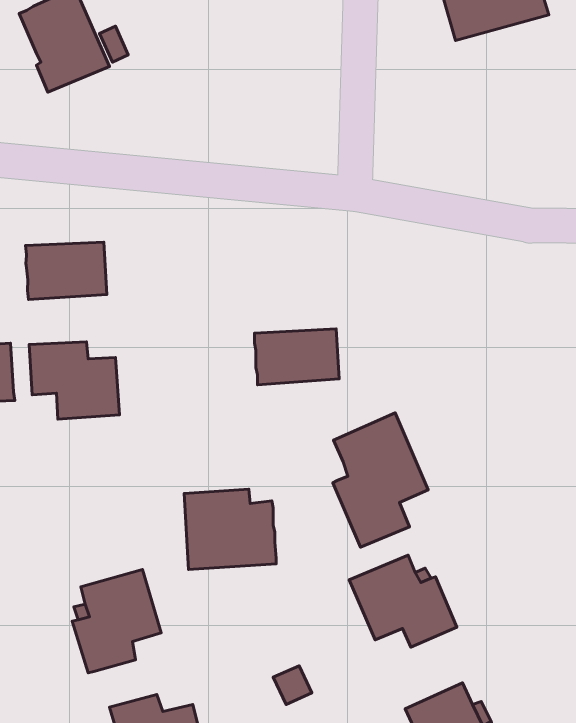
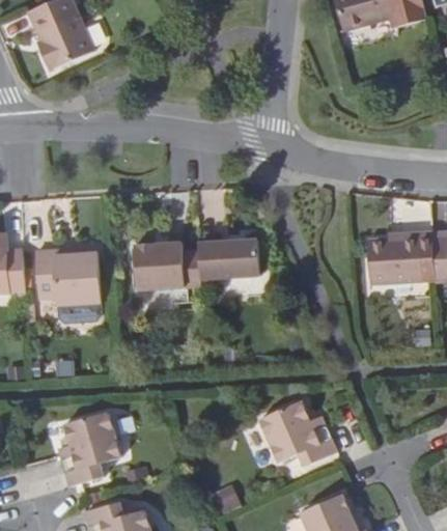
building: [25,242,107,299] -> none
building: none -> [365,232,420,285]
building: [333,413,428,547] -> none
building: [184,489,276,570] -> [132,242,198,300]

